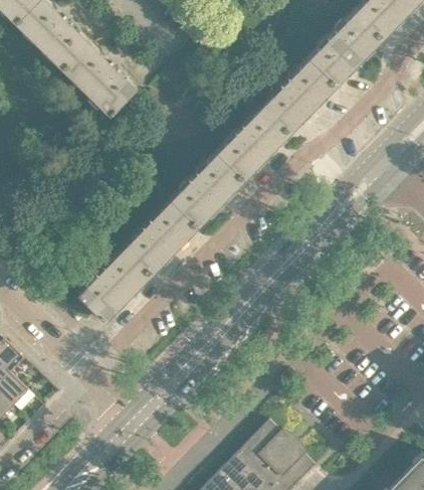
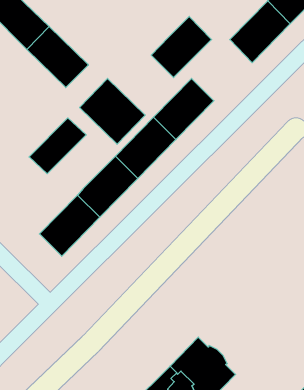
building: [263,58,337,133] -> [151,16,212,78]
building: none -> [80,78,145,144]
building: none -> [29,118,86,174]

